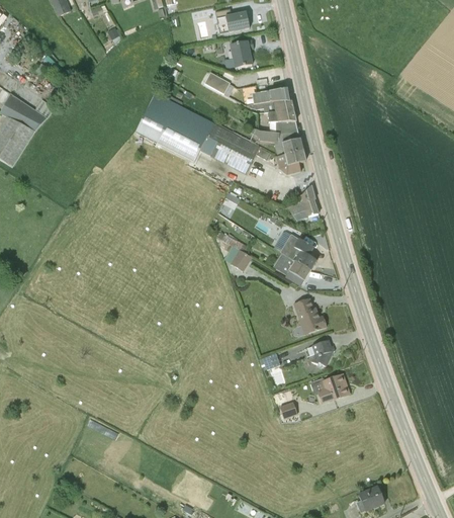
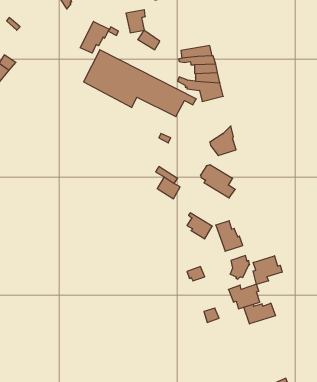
building: [230,39,253,67] -> [126,10,145,33]
building: none -> [80,21,109,53]
building: [275,149,305,174] -> none
building: [279,254,309,285] -> [187,213,212,239]
building: none -> [253,256,282,284]
building: none -> [244,303,275,324]

